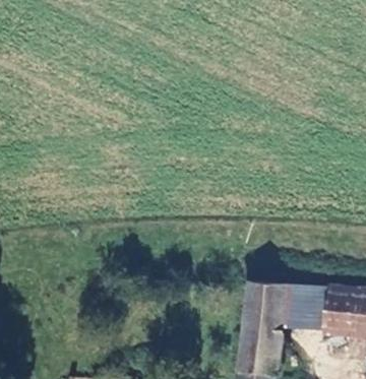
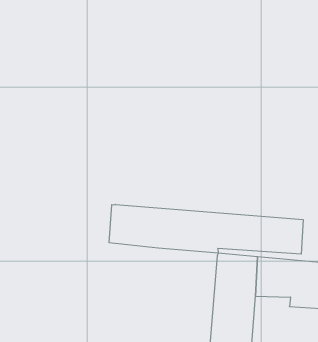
building: none -> [109,204,303,254]

